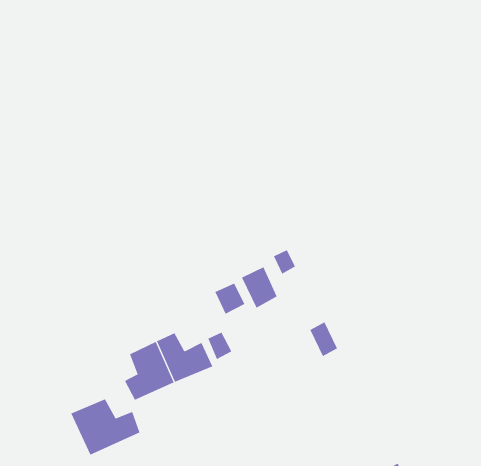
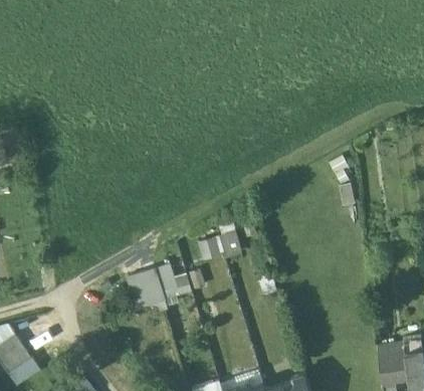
building: [71,399,140,455] -> none

